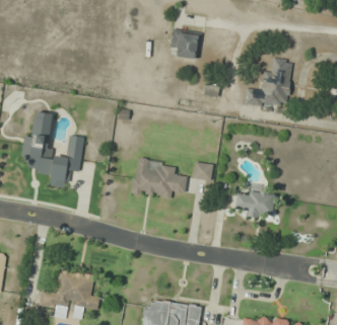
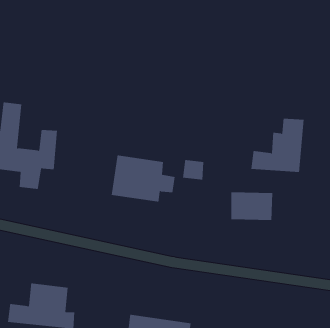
building: [170,30,200,59] -> none
building: [244,59,291,106] -> [250,118,305,173]

